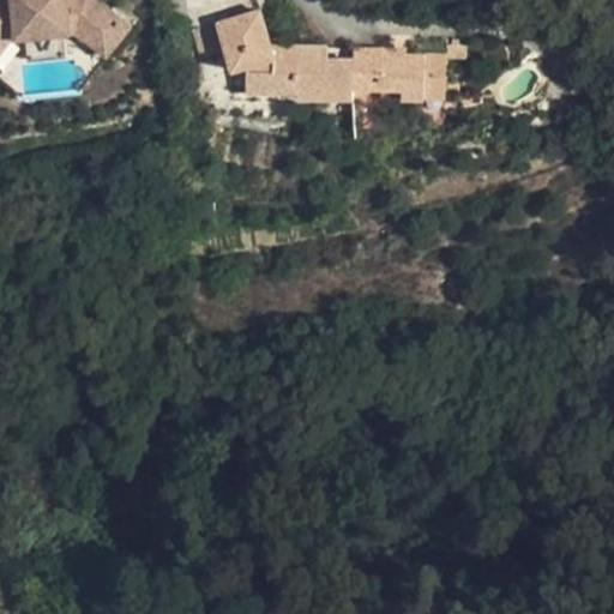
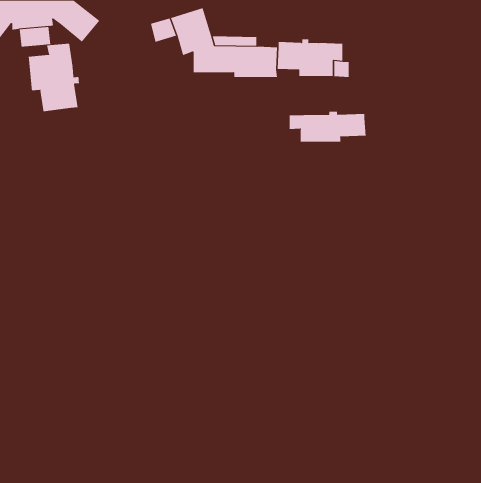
building: none -> [28,43,79,112]
building: none -> [289,111,366,143]

